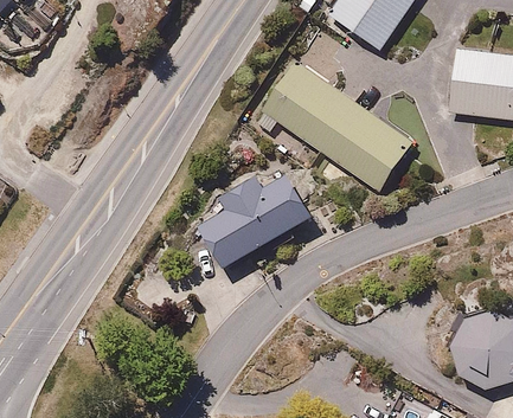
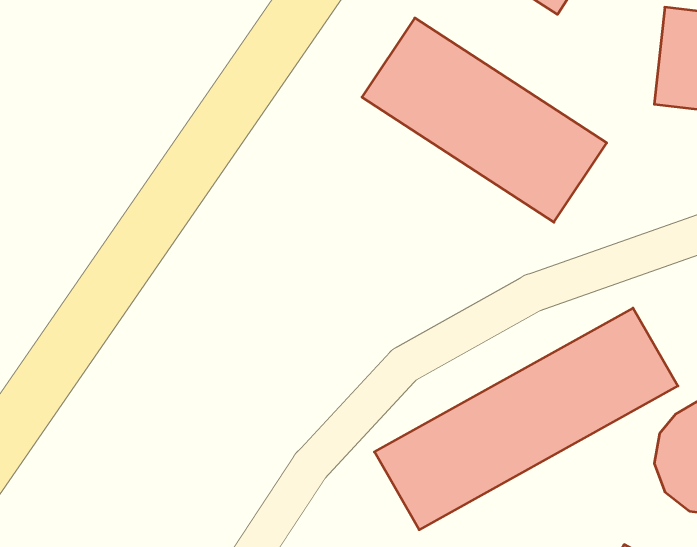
building: [198,175,312,268] -> none
building: none -> [374,308,678,530]

